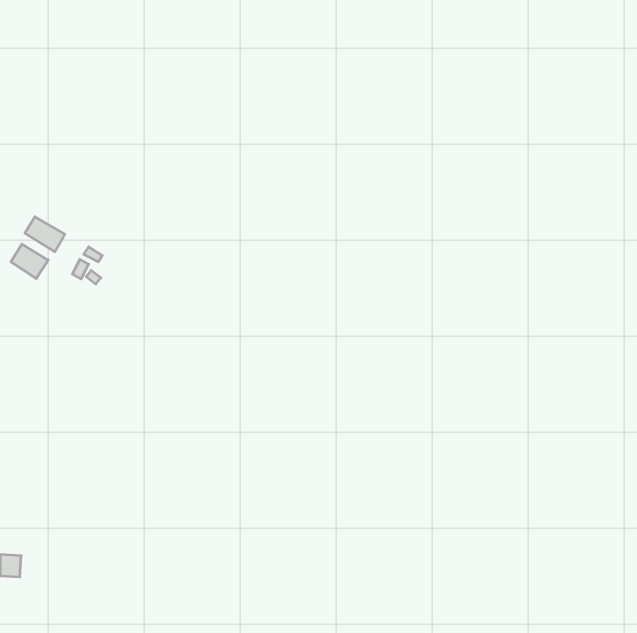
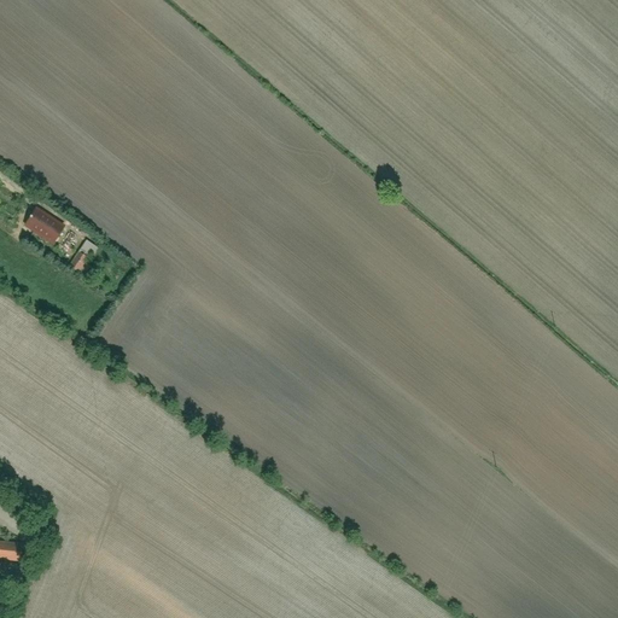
building: [11,244,48,279] -> none

